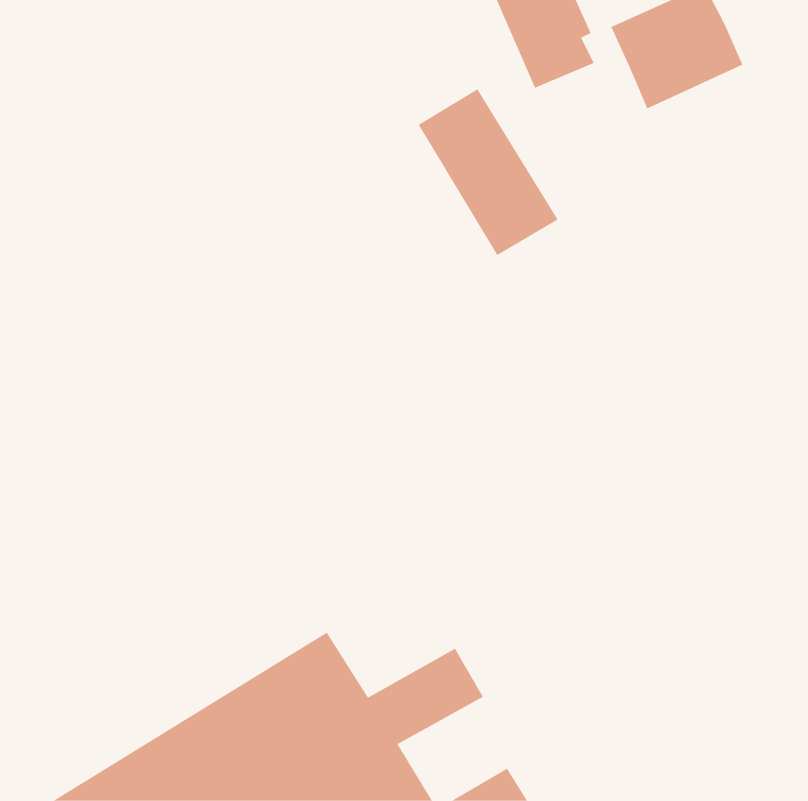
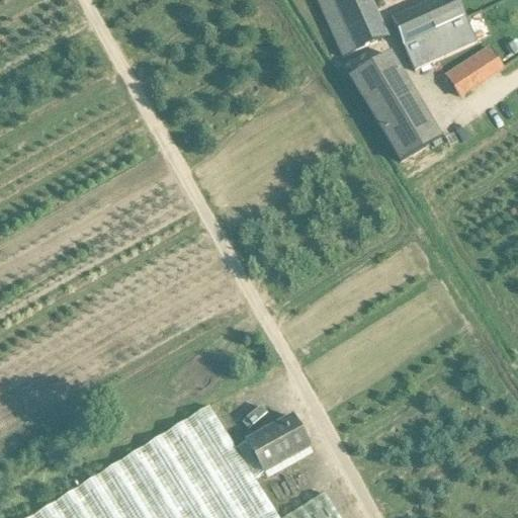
building: none -> [448,44,505,93]
building: [418,88,559,256] -> [350,53,440,160]

